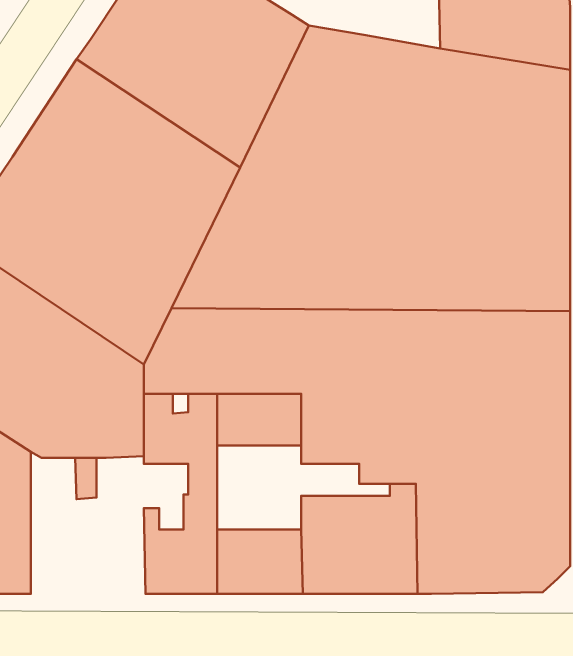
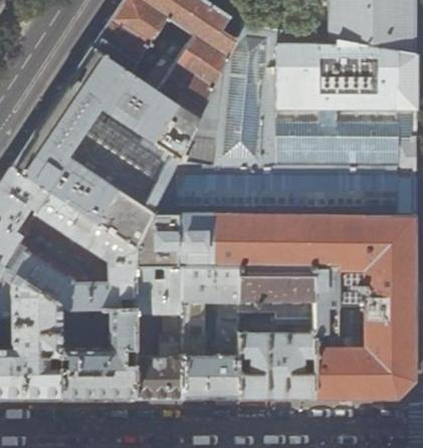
building: none -> [183,303,205,359]
building: none -> [217,303,238,359]
building: none -> [60,310,136,401]

